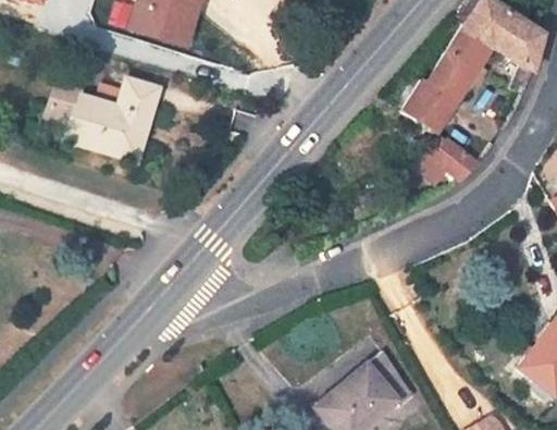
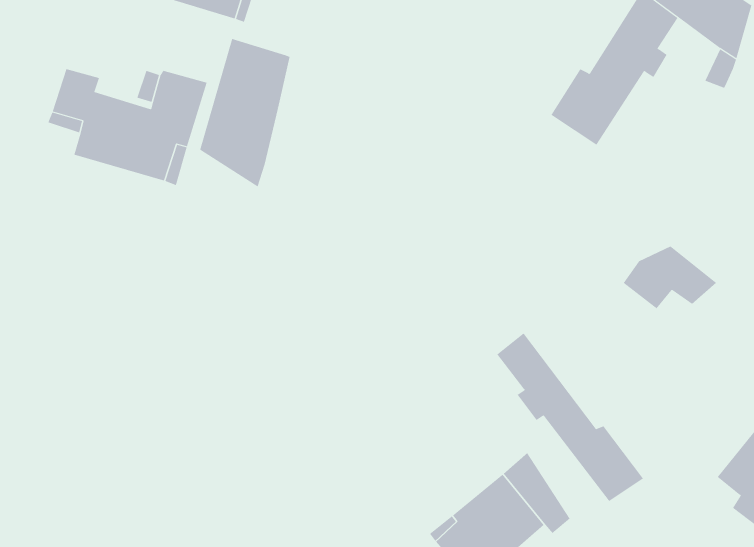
building: none -> [200,38,290,187]
building: [414,137,481,182] -> [623,246,717,309]
building: none -> [496,332,644,502]

